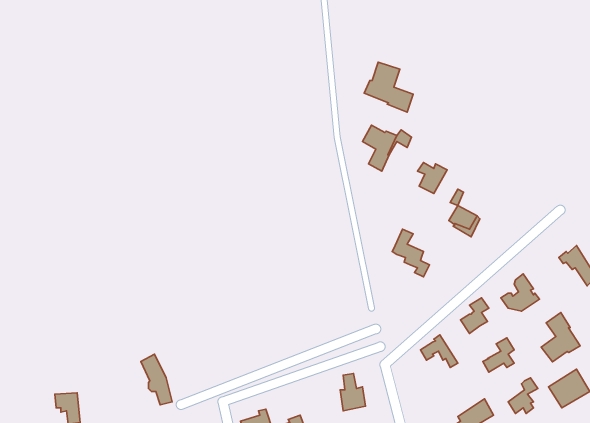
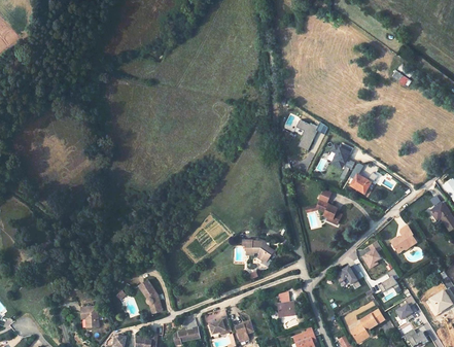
building: [364,62,413,112] -> none
building: none -> [243,238,273,259]
building: [541,312,580,362] -> none

